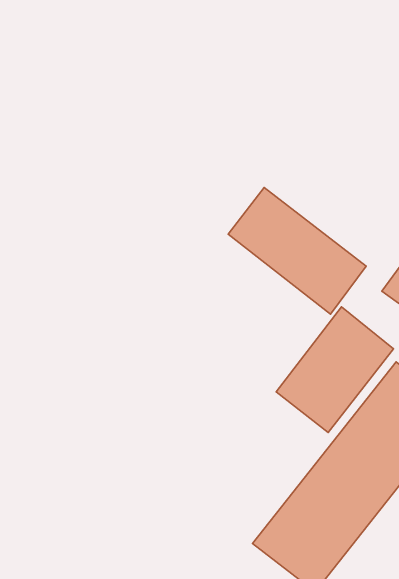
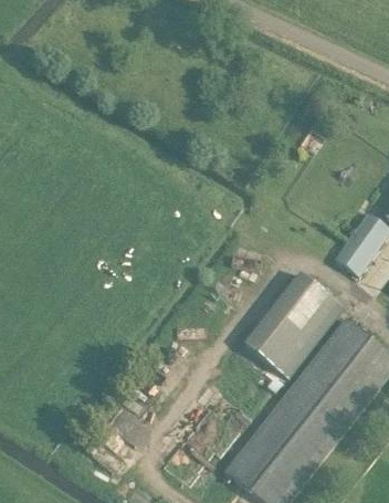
building: [228,187,366,314] -> none

